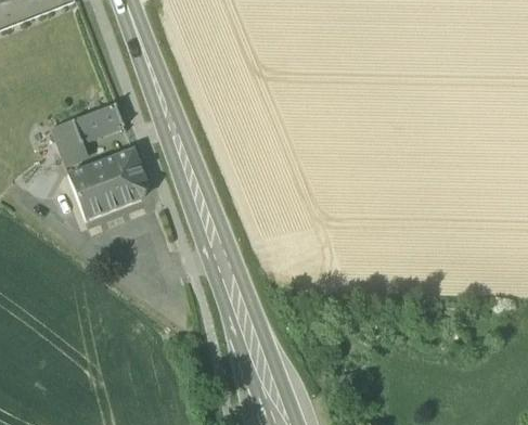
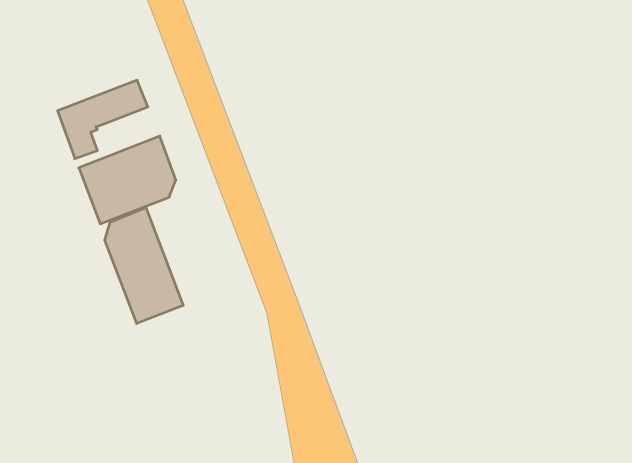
building: none -> [105,207,183,324]

